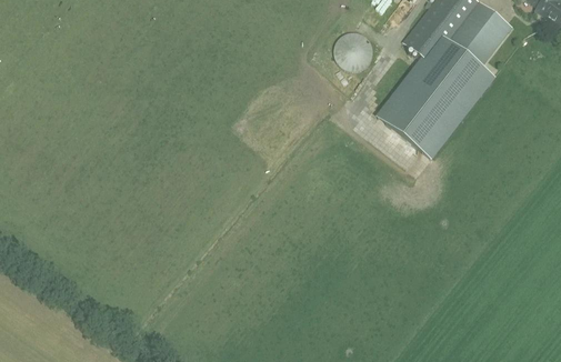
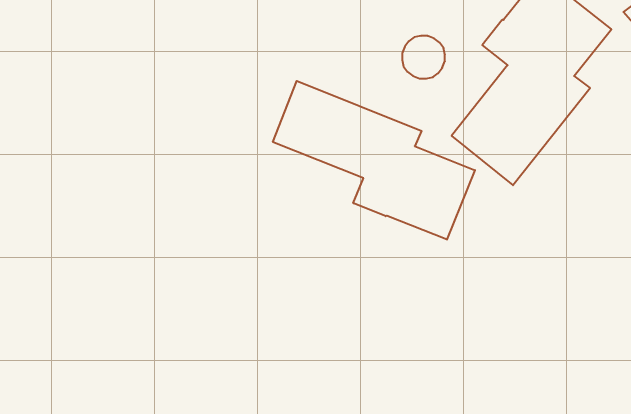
building: none -> [273,81,475,240]

